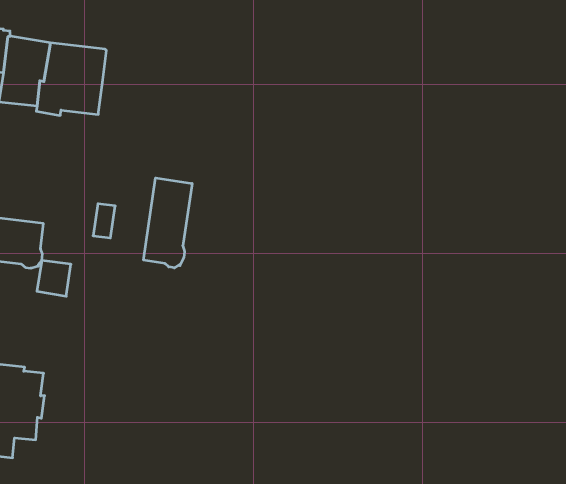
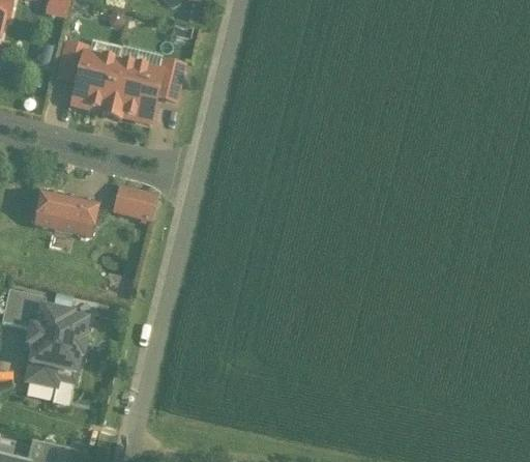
building: none -> [155,60,182,98]
building: [144,178,192,268] -> none
building: [37,261,71,296] -> [113,185,142,215]

